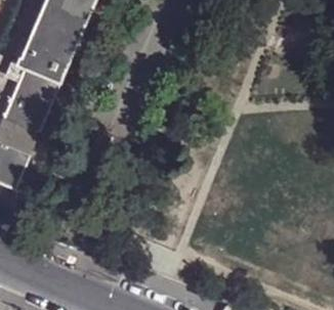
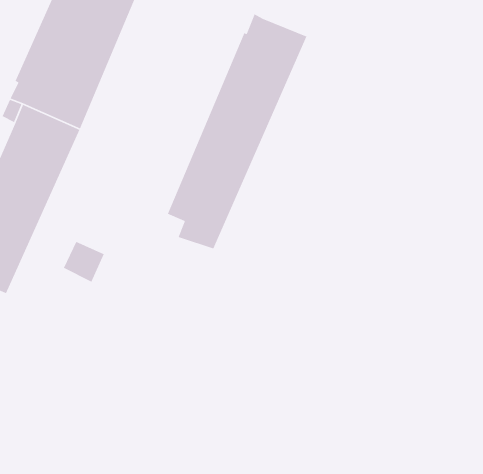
building: none -> [167,13,308,249]

